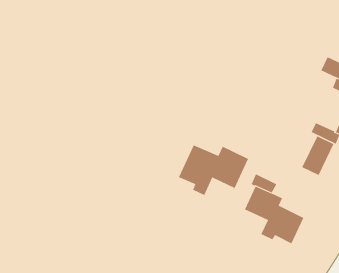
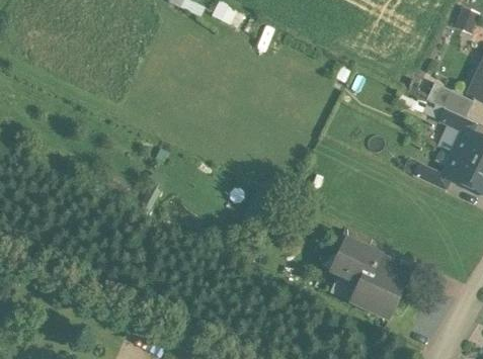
building: [302,136,334,176] -> none
building: [178,145,248,196] -> none

